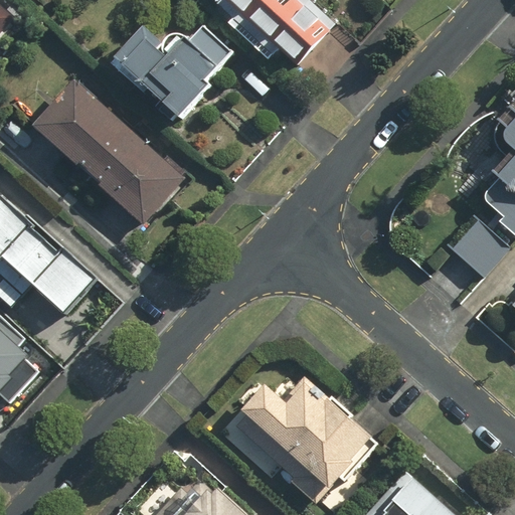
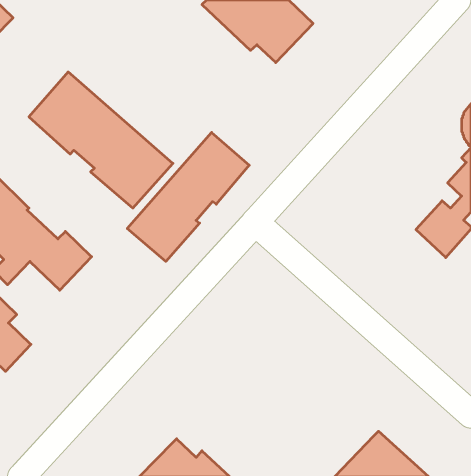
building: [111,26,232,126] -> none
building: none -> [127,132,249,261]
building: [215,377,378,502] -> none

